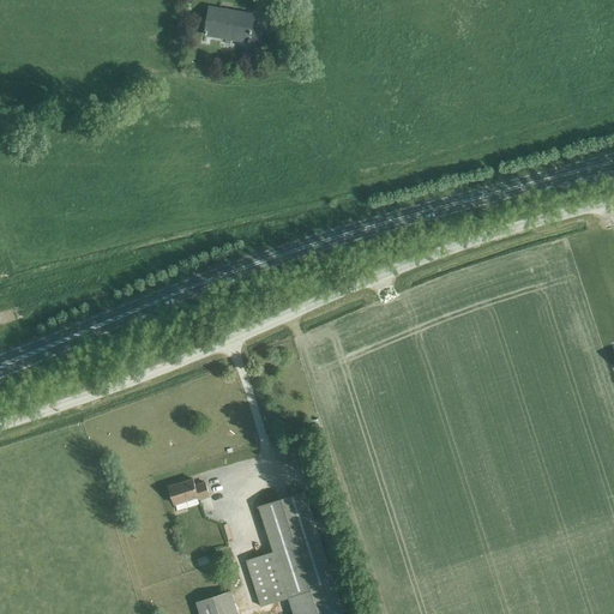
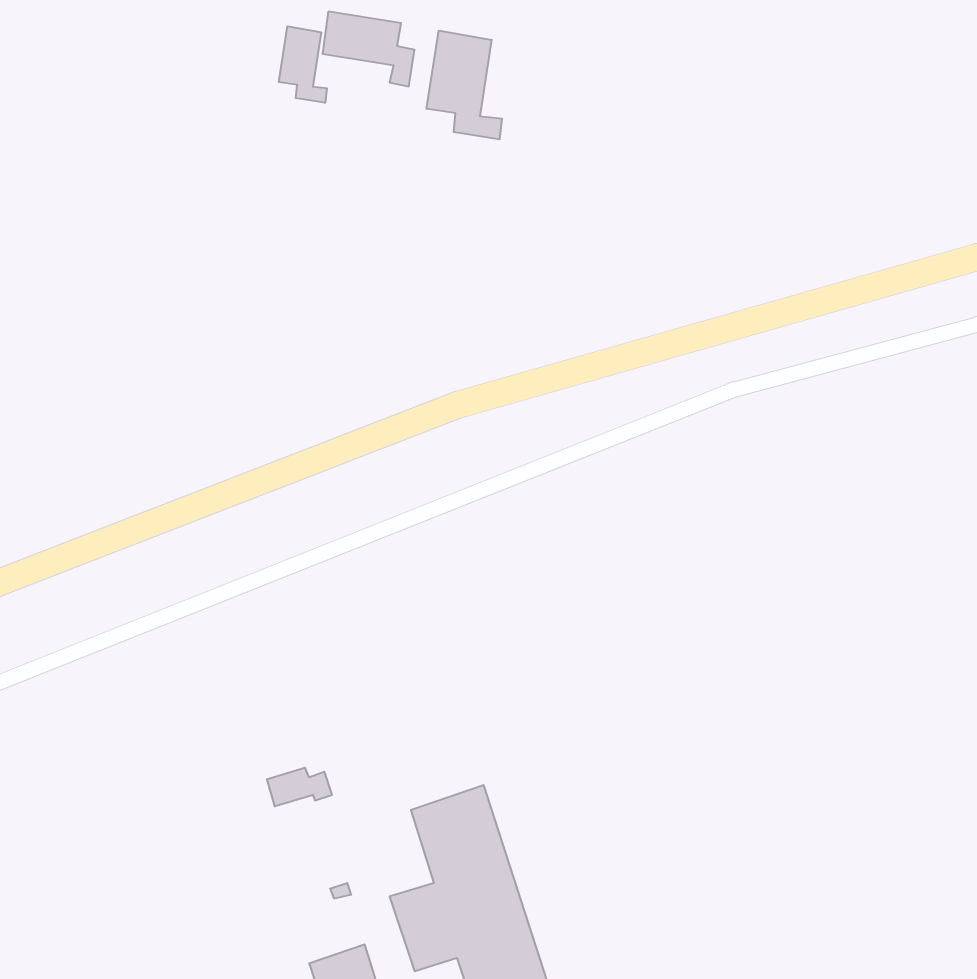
building: none -> [279,26,327,103]
building: none -> [427,31,502,139]

